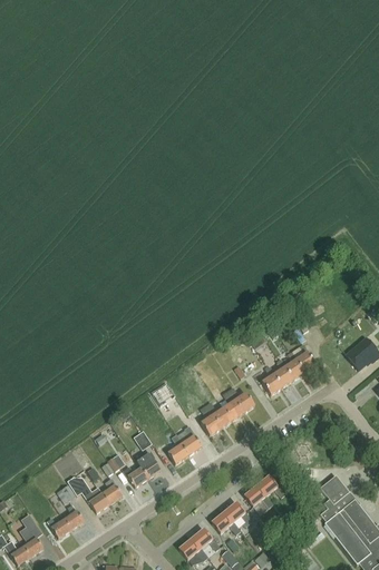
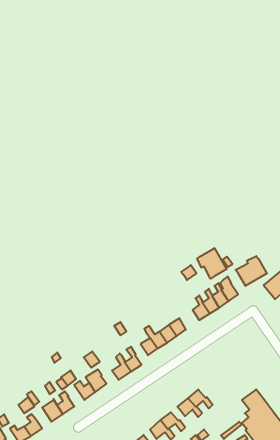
building: none -> [197,248,227,279]
building: none -> [236,256,267,286]

